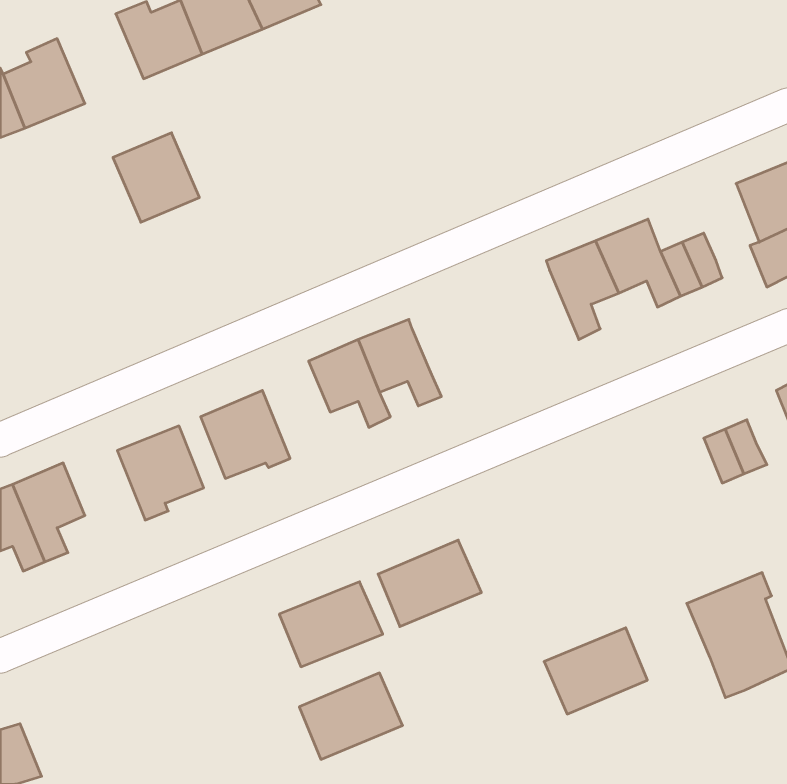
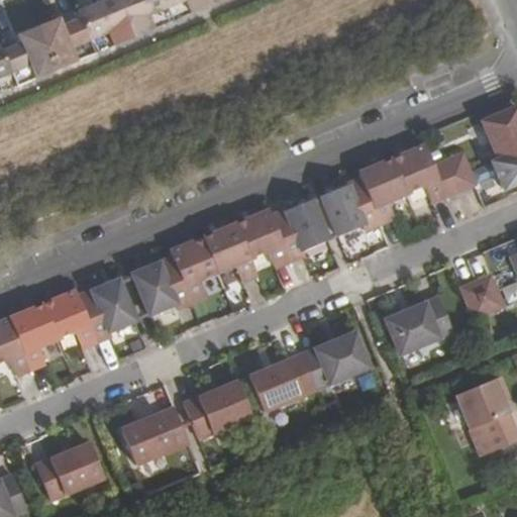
building: [113,133,199,222] -> [38,9,95,68]
building: none -> [320,177,380,234]
building: none -> [271,198,328,260]
building: none -> [170,236,217,300]
building: none -> [42,289,96,346]
building: none -> [385,296,452,352]
building: [544,628,647,714] -> [301,331,369,388]
building: [299,673,403,759] -> [121,406,189,462]
building: none -> [34,442,102,500]

